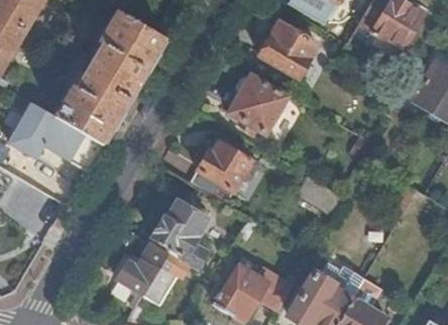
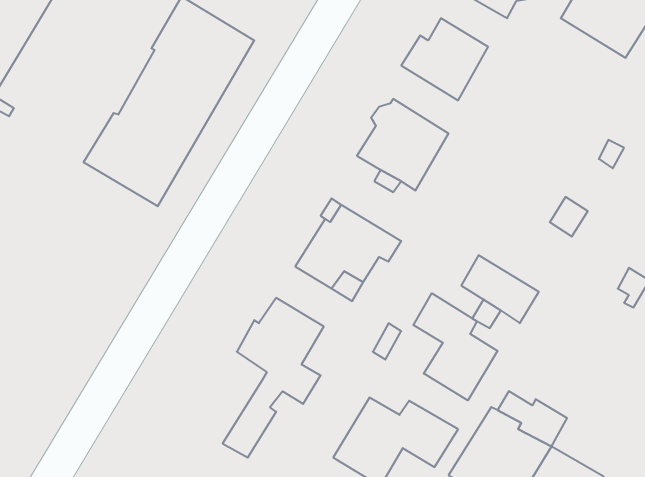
building: [9,102,102,170] -> none
building: none -> [413,293,498,400]
building: [117,242,169,295] -> none

